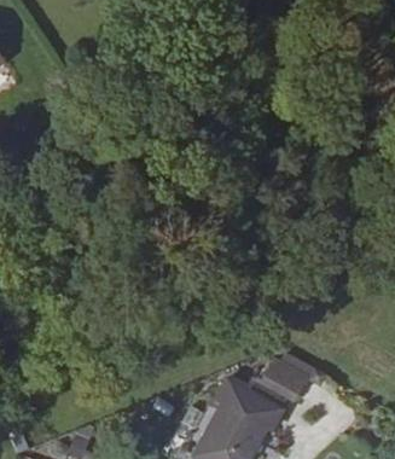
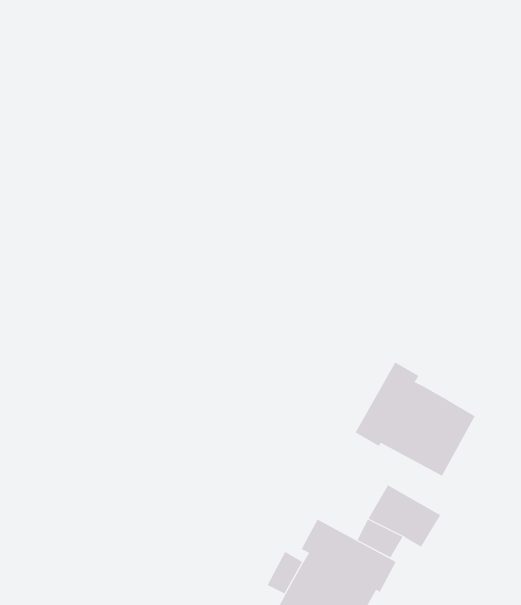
building: none -> [355,362,476,477]

